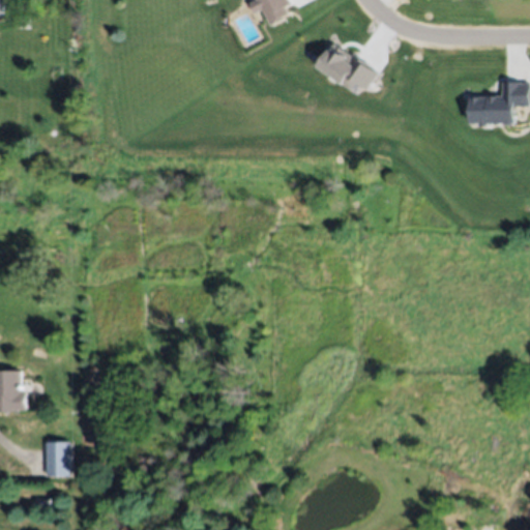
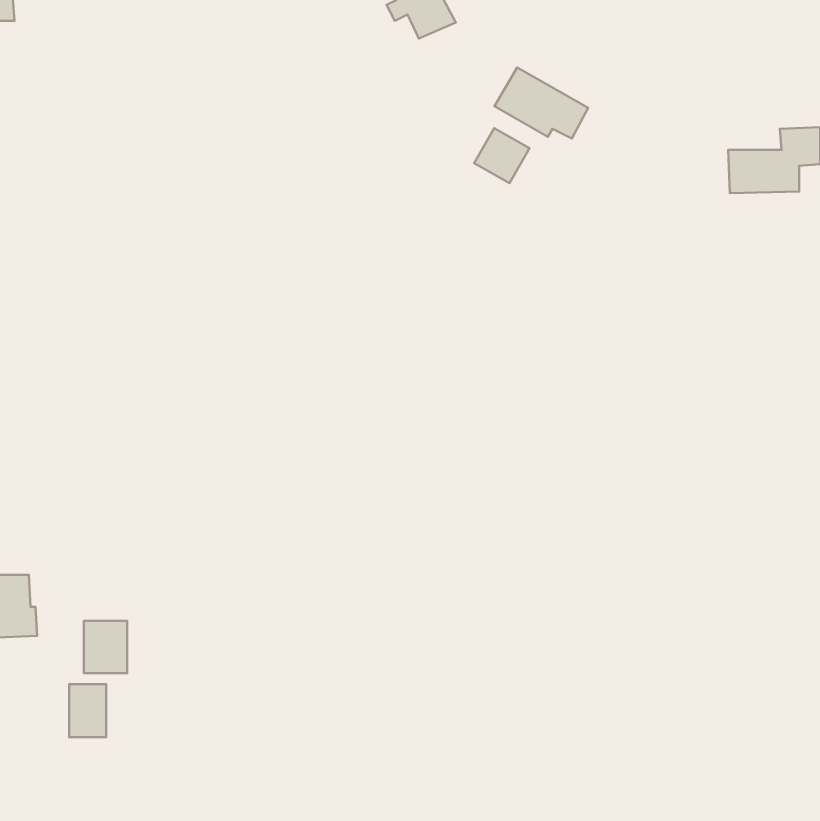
building: none -> [474,128,529,183]
building: none -> [84,621,127,673]

